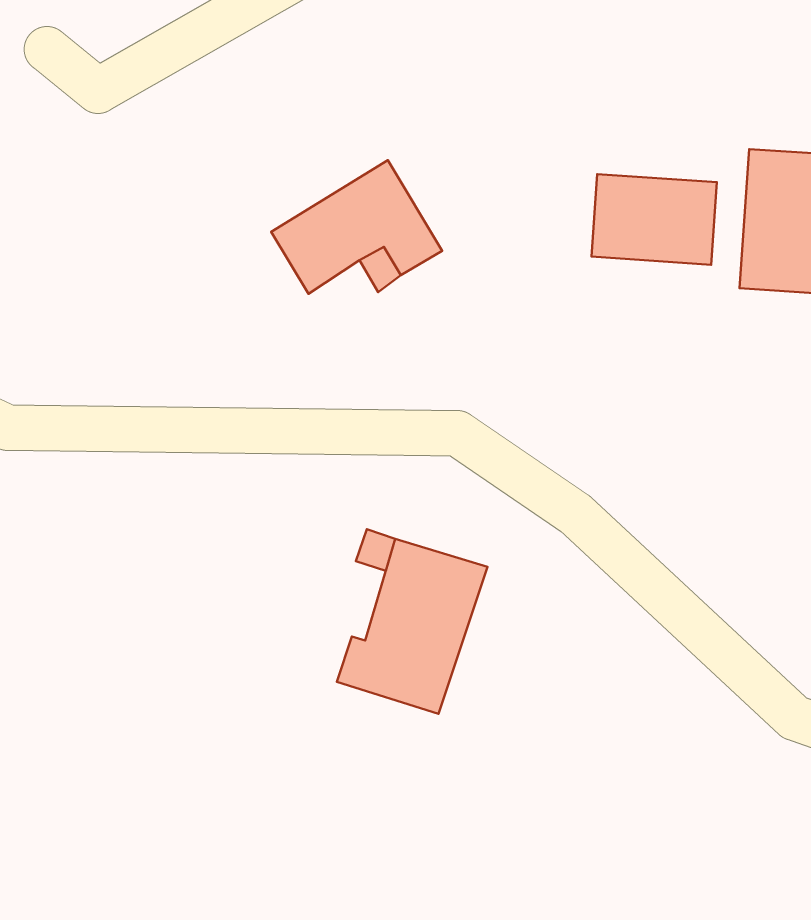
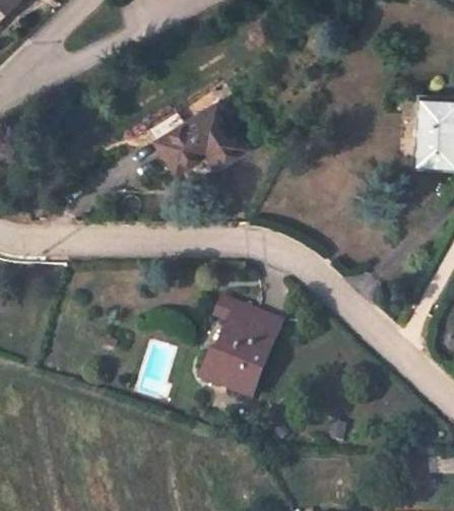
building: [592,174,717,265] -> none

